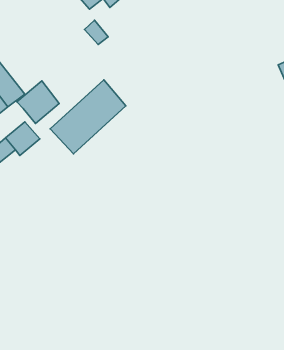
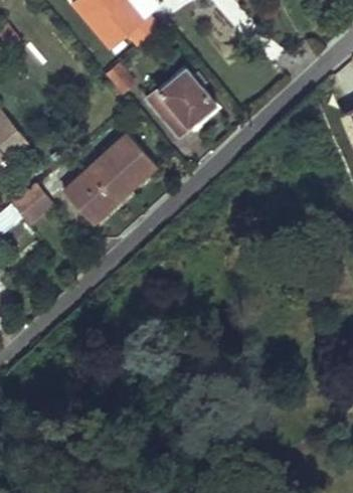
building: none -> [148,67,215,140]
building: [17,81,59,124] -> none

